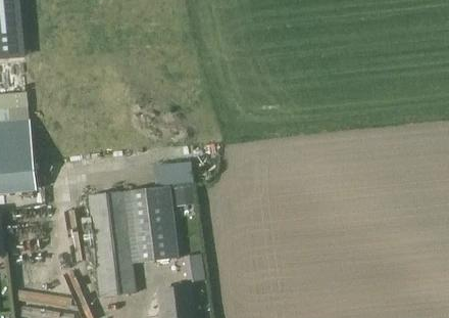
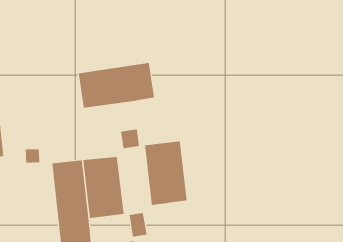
building: none -> [78,62,155,109]
building: none -> [144,141,187,206]

